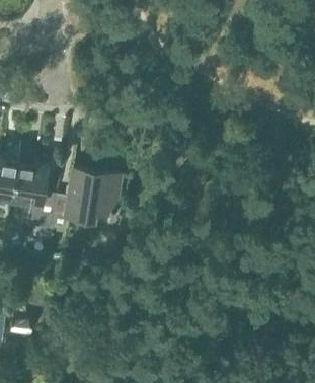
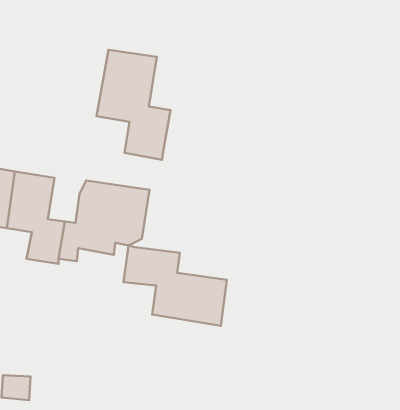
building: none -> [96,50,170,160]
building: none -> [124,245,227,326]

